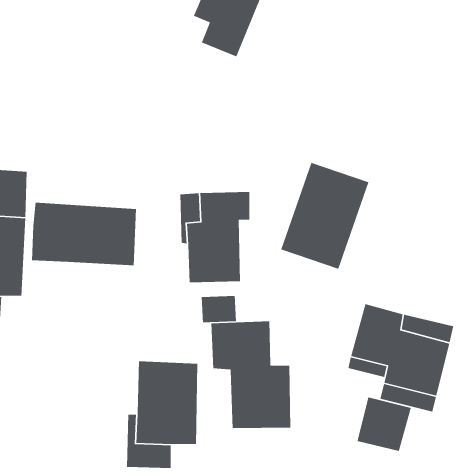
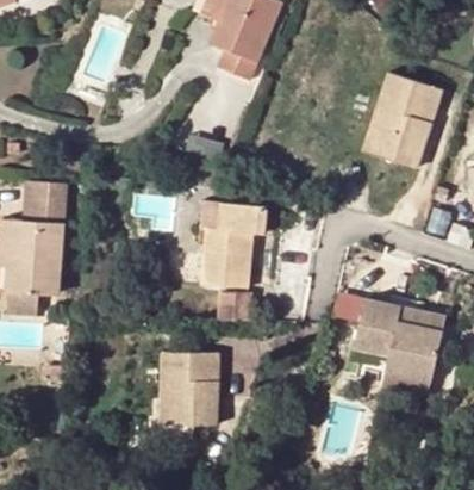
building: [280,162,369,270] -> [363,74,443,170]
building: [31,202,137,266] -> none
building: [211,321,291,429] -> none
building: [357,397,412,452] -> none

